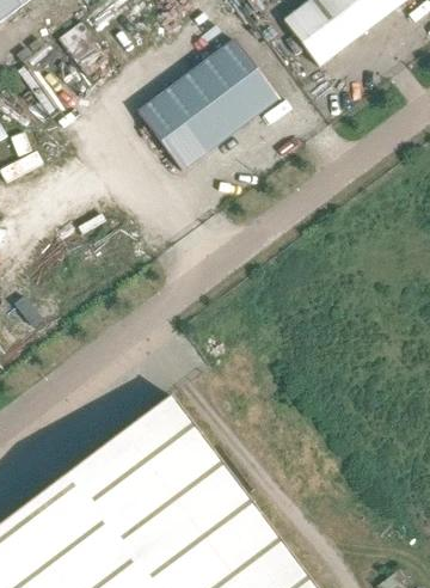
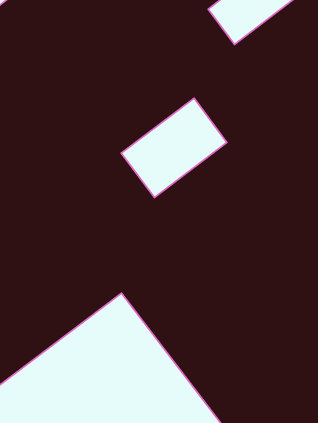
building: [137,41,277,172] -> [121,98,227,198]

